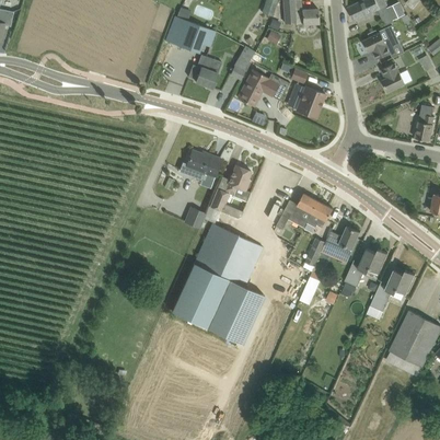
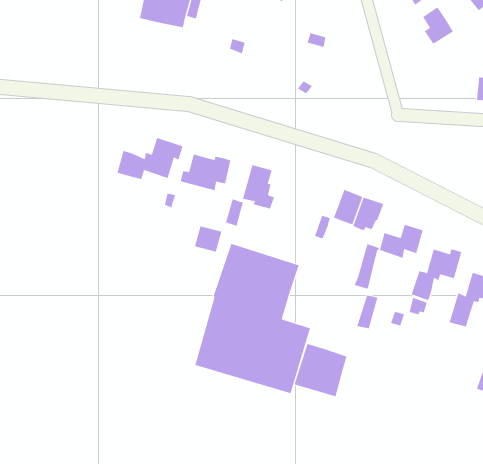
building: [195,57,220,89] -> none
building: [236,70,278,107] -> none
building: [296,86,324,118] -> none
building: none -> [117,137,183,180]
building: none -> [294,343,347,397]

